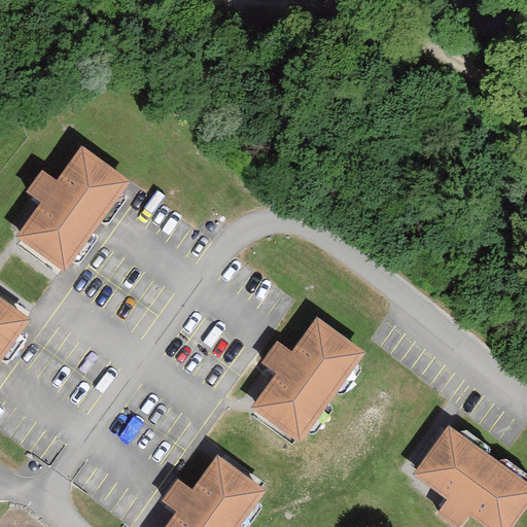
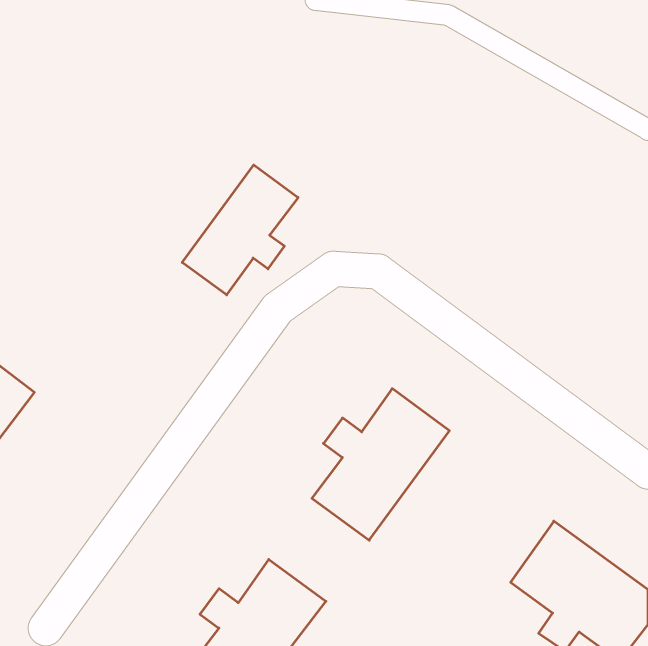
building: none -> [182,165,298,295]
building: [19,147,130,269] -> none

